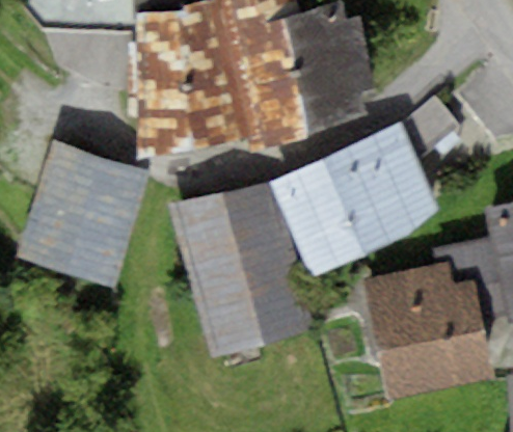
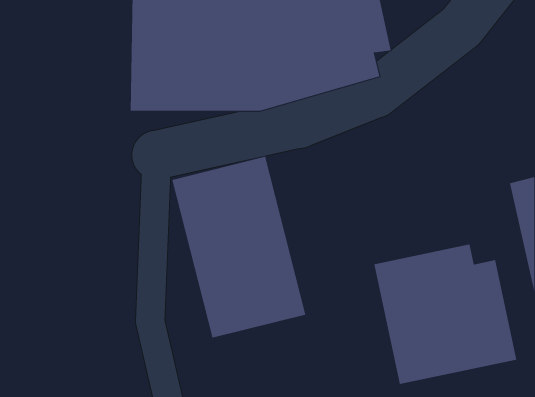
building: [270,122,439,268] -> none
building: [24,156,153,294] -> none

